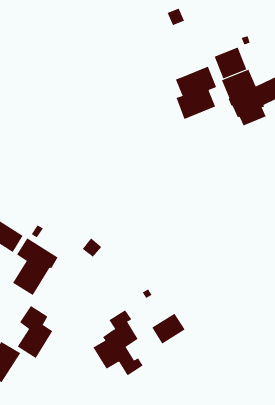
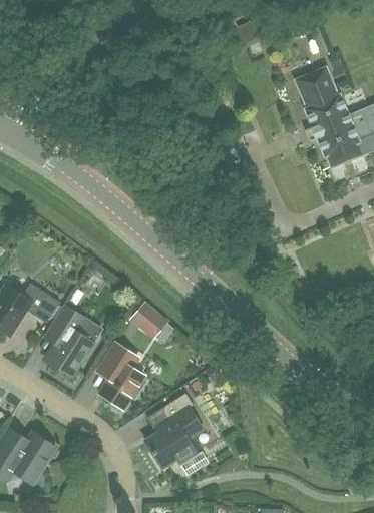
building: [175,66,217,120] -> none
building: [17,305,53,359] -> [98,343,143,409]
building: [151,313,185,344] -> none

